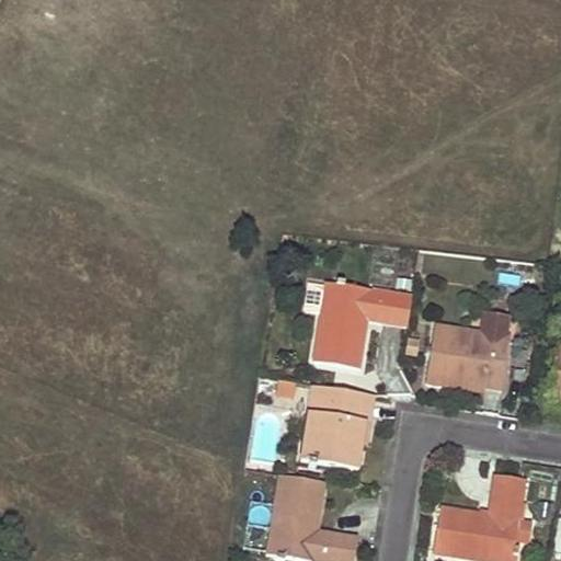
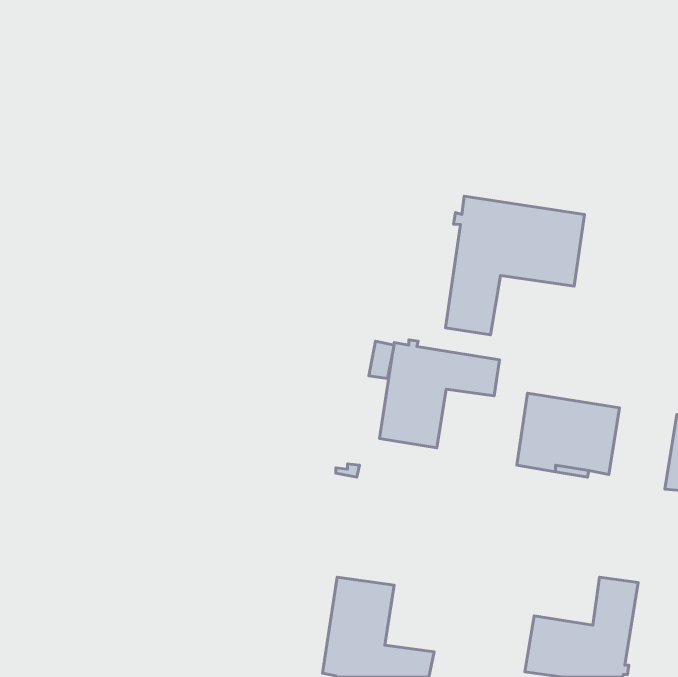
building: none -> [446,196,584,335]
building: [301,385,376,470] -> none

